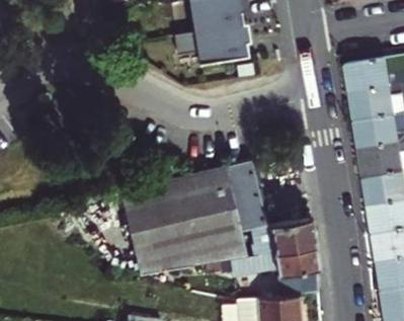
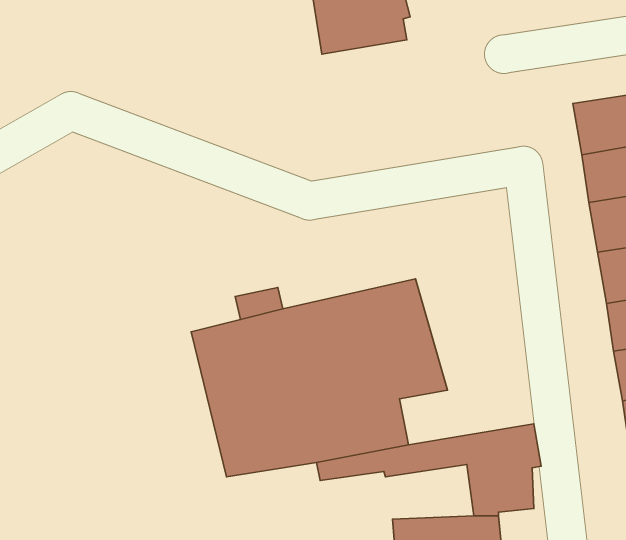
building: [178,25,254,66] -> none
building: [247,218,320,257] -> none

